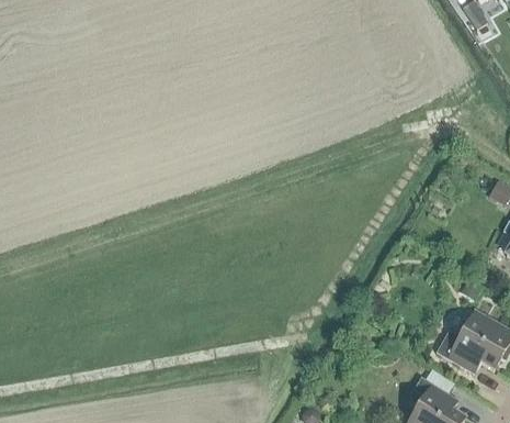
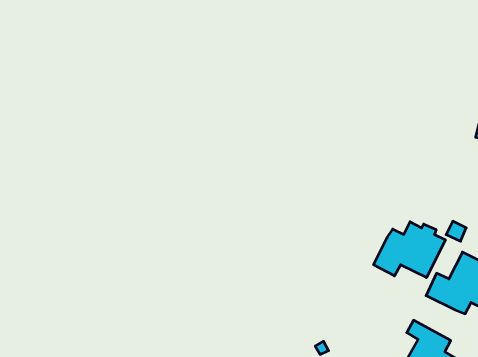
building: none -> [374,222,445,278]

